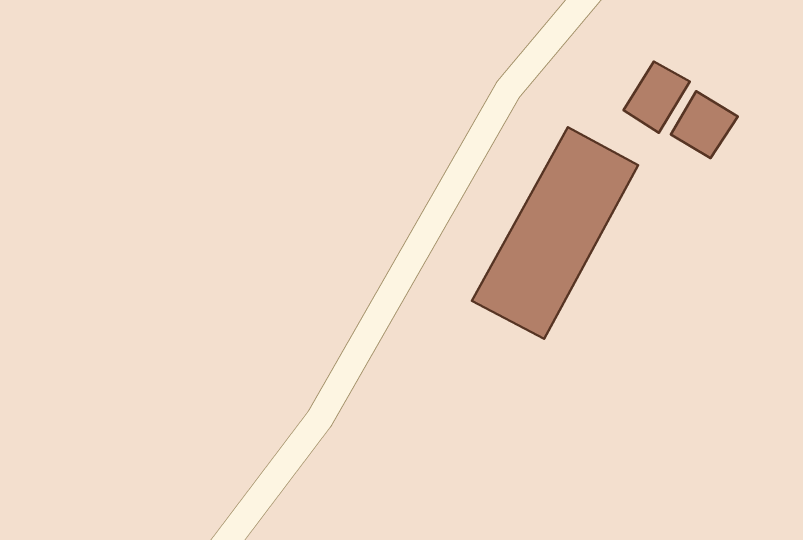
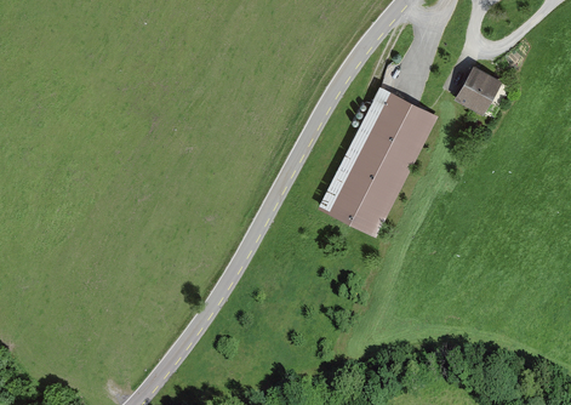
building: [624,62,690,133] -> none

